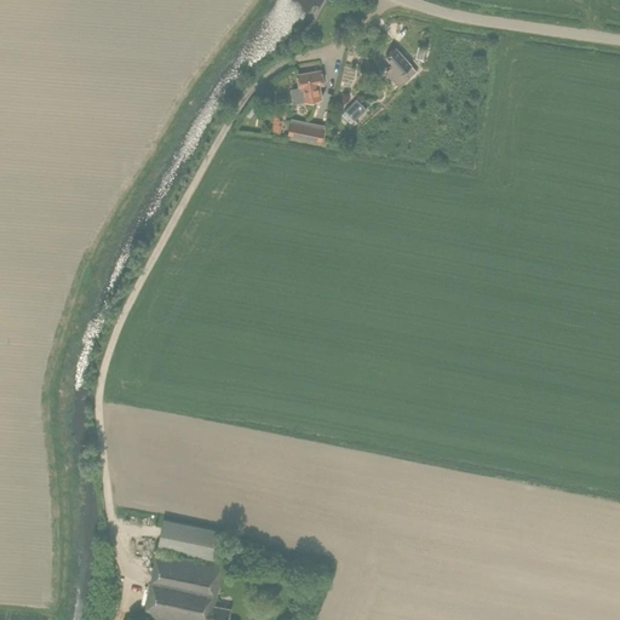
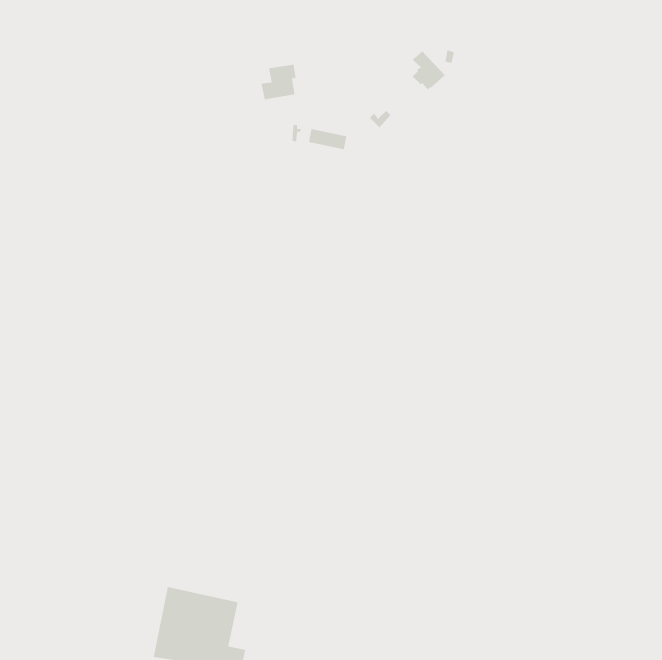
building: [289,71,323,105] -> [260,64,297,100]
building: [157,518,223,561] -> none

